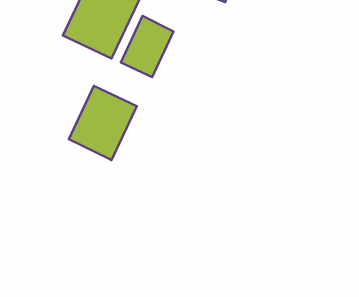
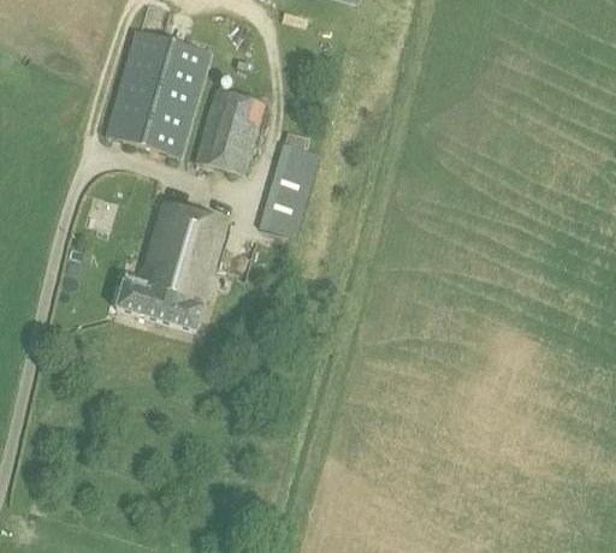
building: none -> [259,130,320,236]
building: none -> [117,281,203,329]

